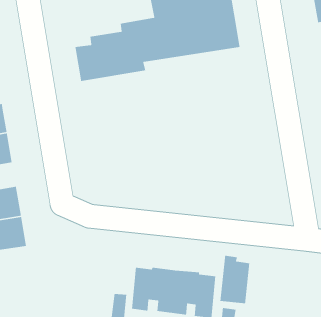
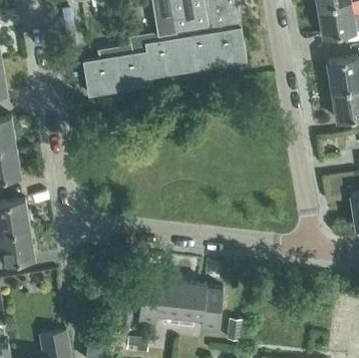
building: [220,255,250,304] -> none

